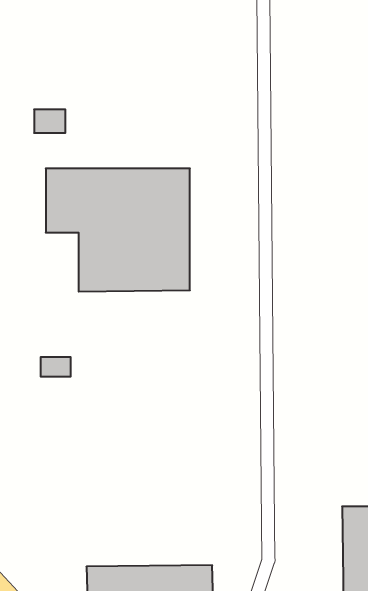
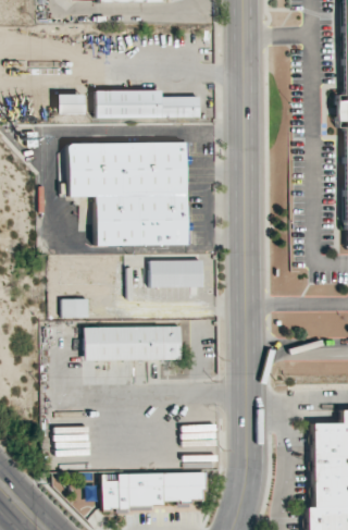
building: none -> [95,89,200,118]
building: none -> [150,259,203,286]
building: none -> [85,325,183,360]

